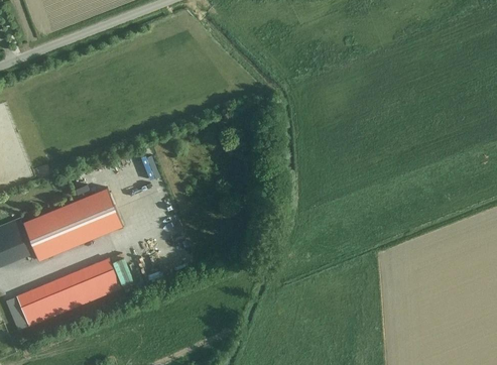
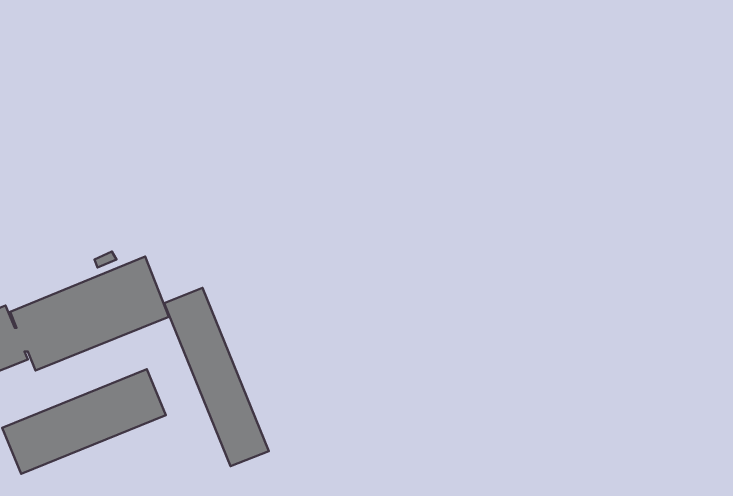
building: none -> [164,288,269,466]

